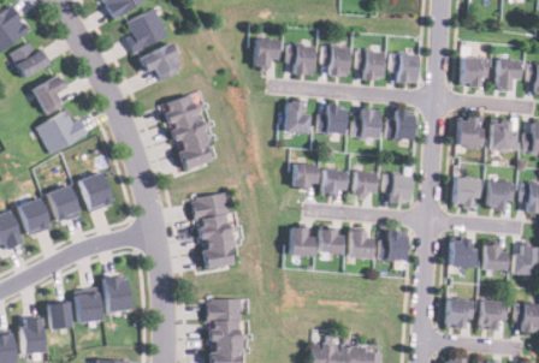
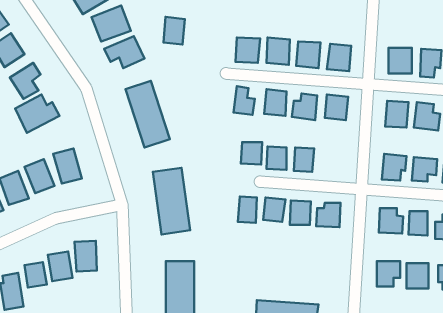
building: [254,38,278,70] -> [164,17,185,45]
building: [384,174,410,204] -> none

